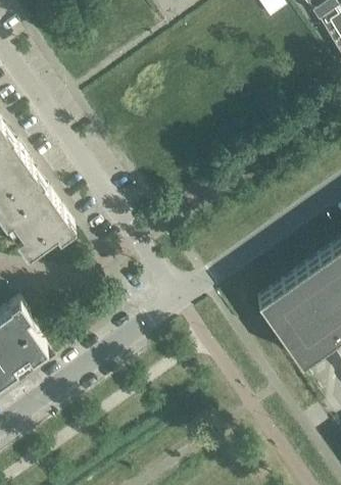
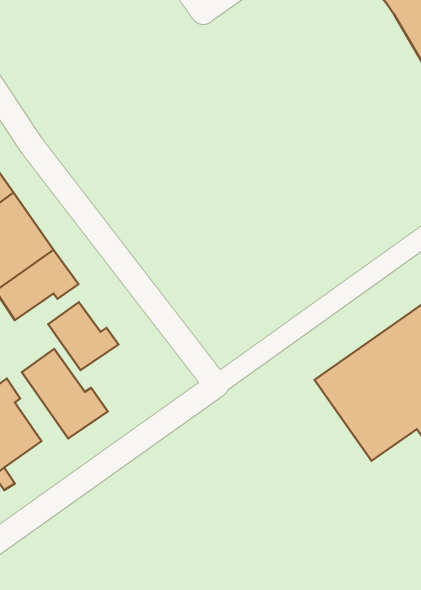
building: none -> [48,302,118,370]
building: none -> [22,349,108,438]

